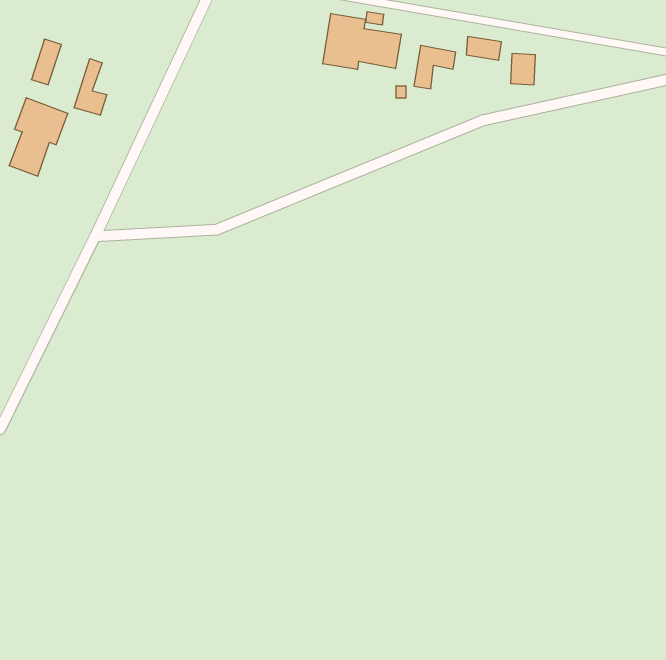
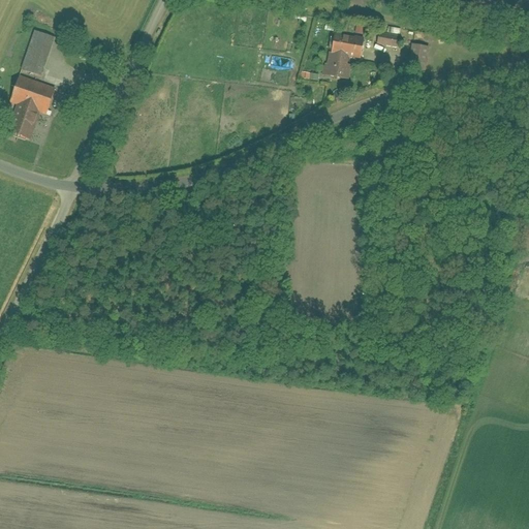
building: [323,13,401,70] -> none
building: [74,59,107,115] -> none

